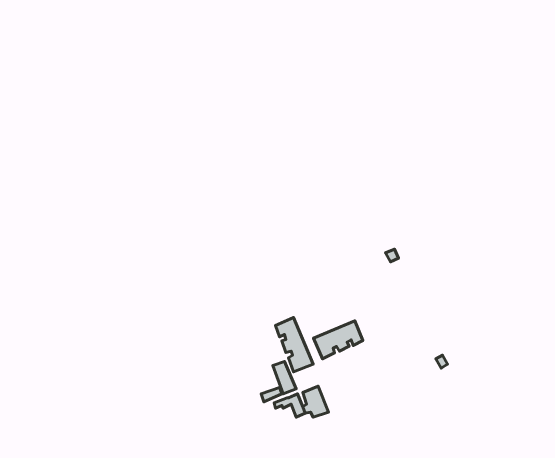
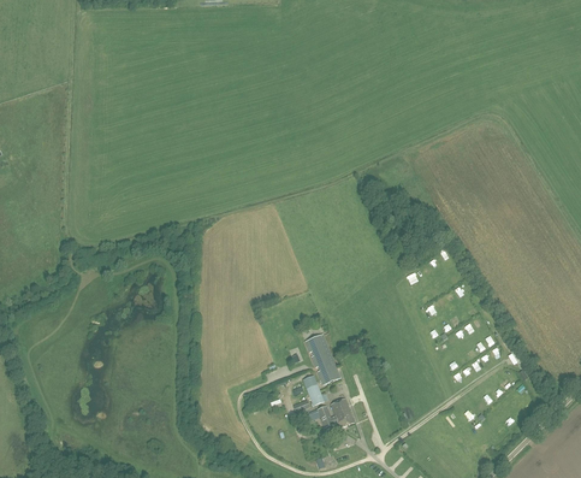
building: [313,321,363,359] -> none

